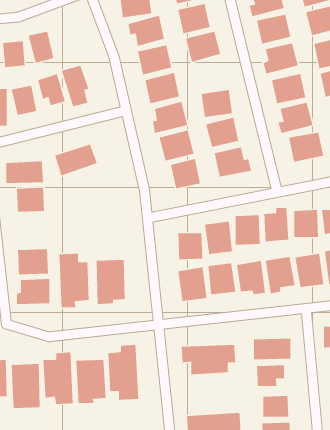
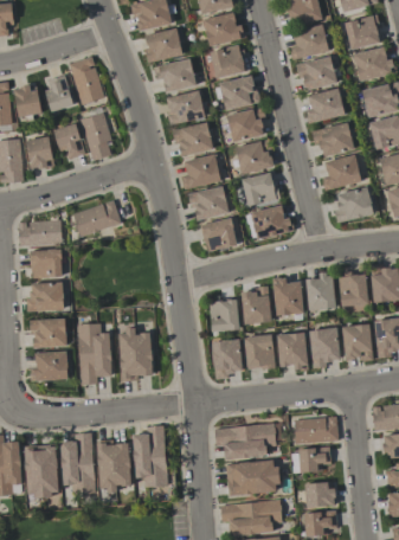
building: none -> [69,57,105,105]
building: none -> [227,108,266,142]
building: none -> [28,282,65,311]
building: none -> [227,461,278,495]

